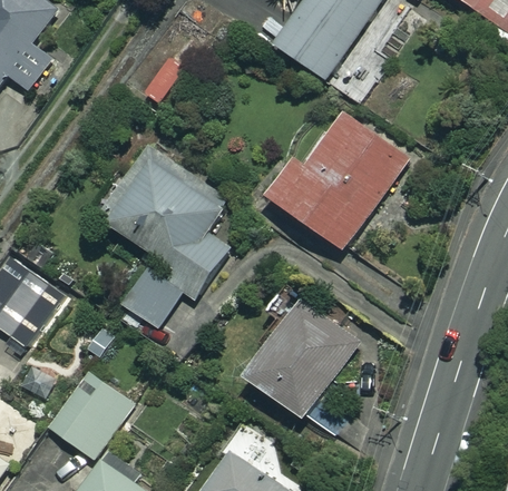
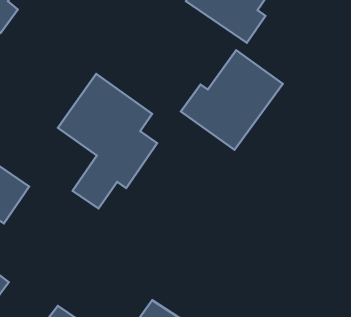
building: [245,287,360,420] -> none
building: [48,373,131,460] -> none

